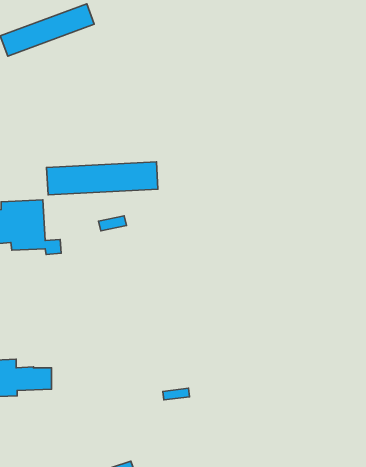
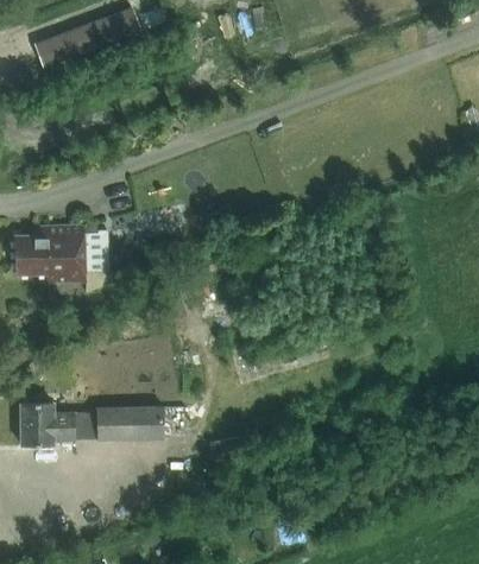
building: [47,162,158,195] -> none
building: none -> [93,407,165,441]

